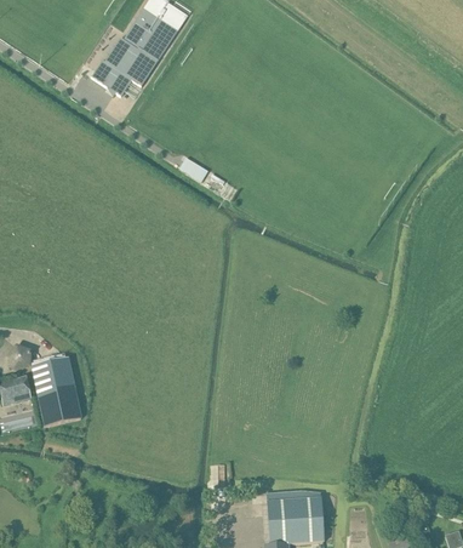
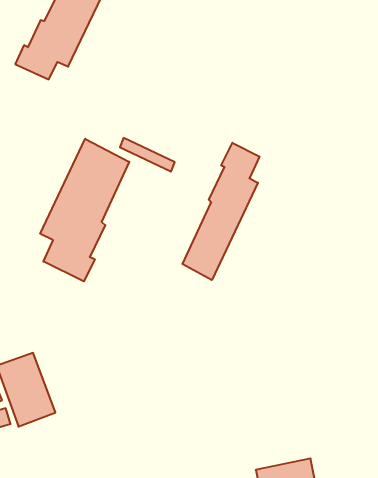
building: none -> [40,139,129,281]
building: none -> [182,143,259,280]

